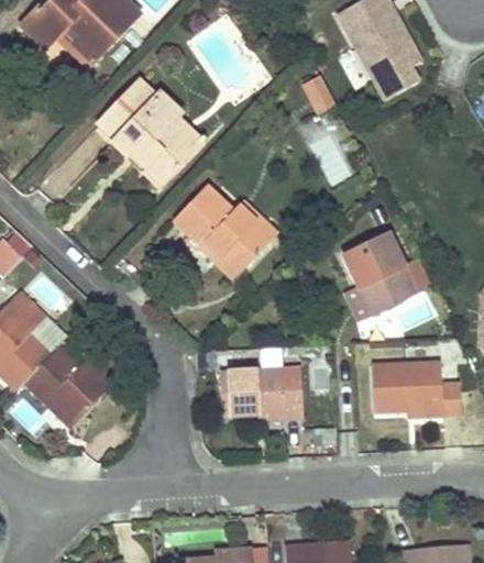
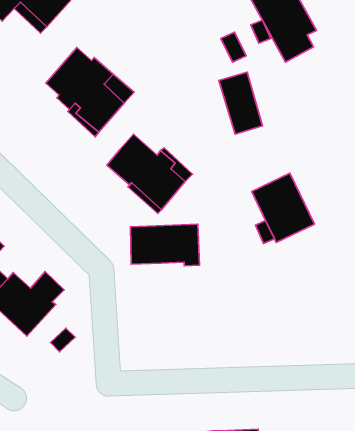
building: [372,363,459,416] -> none
building: [221,369,305,420] -> [130,224,200,266]

